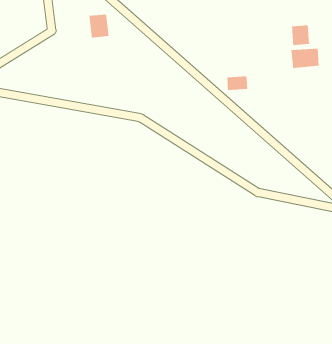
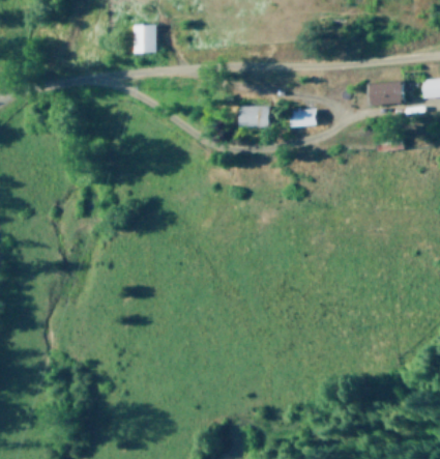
building: [291,25,310,46] -> none
building: none -> [240,106,270,127]

